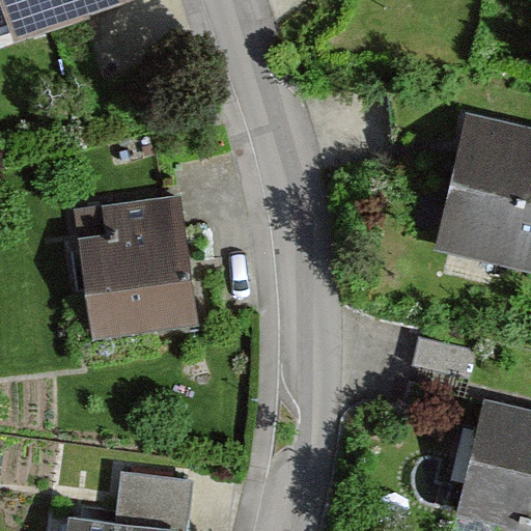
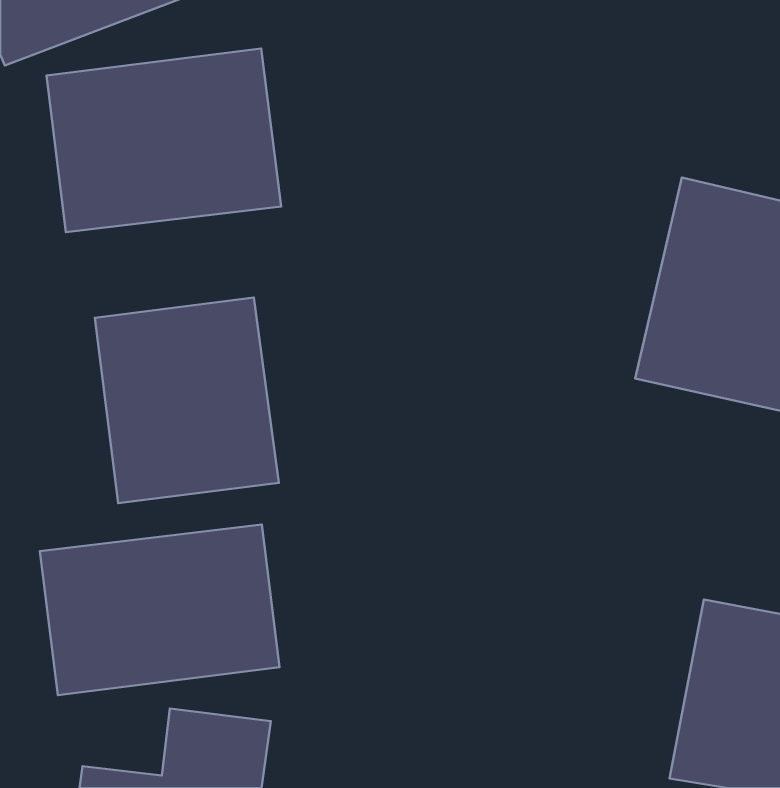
building: none -> [46,48,281,232]
building: none -> [40,524,280,695]

